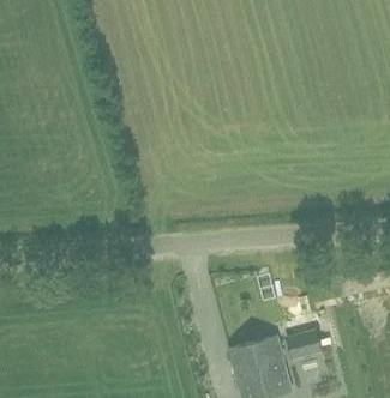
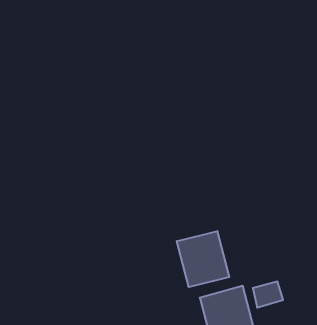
building: none -> [177,231,229,287]

